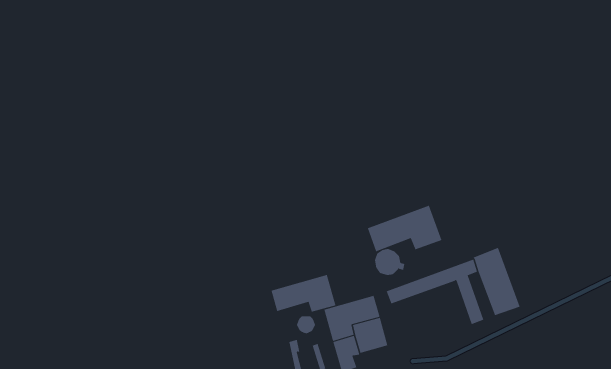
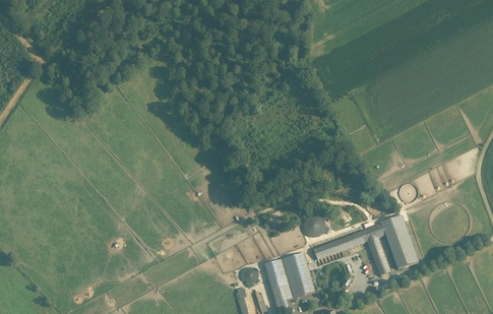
building: [367,205,442,252] -> none
building: [271,274,336,312] -> none

